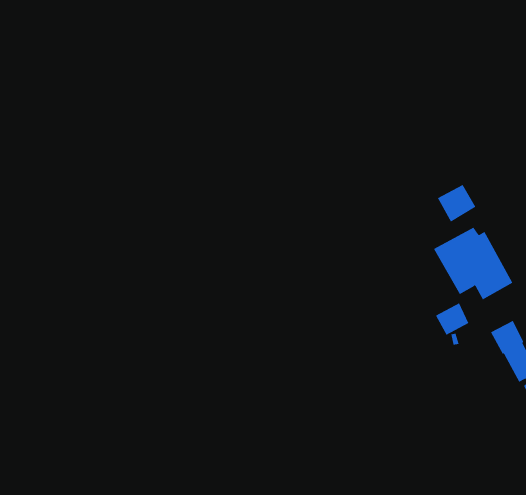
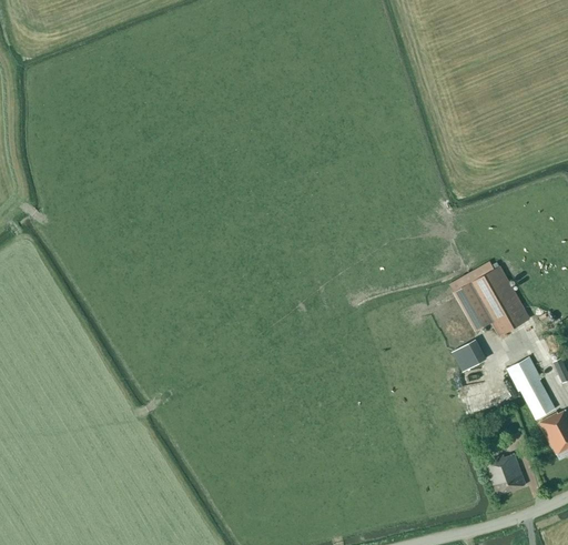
building: [437,184,476,223] -> none
building: none -> [485,454,526,496]

